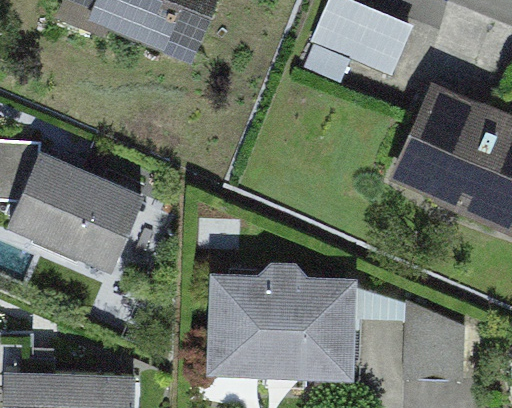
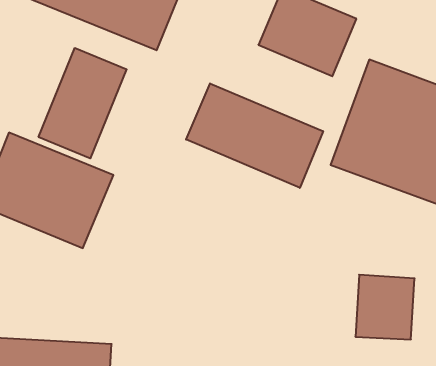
building: none -> [39,48,127,158]
building: none -> [186,83,323,188]
building: [207,276,355,379] -> none

